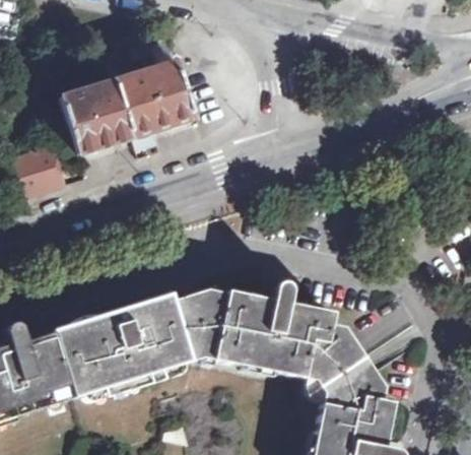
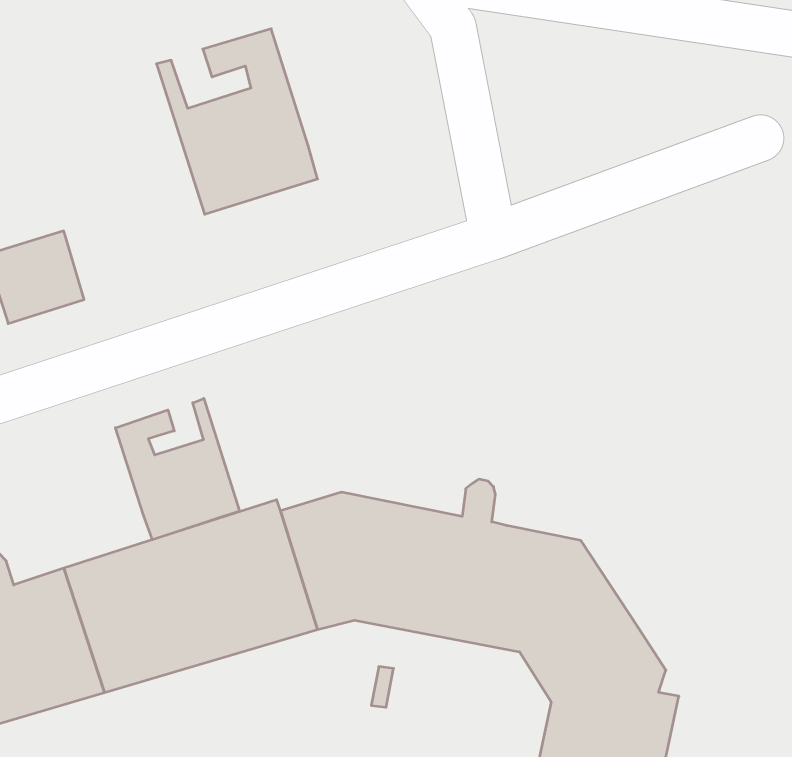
building: [61,54,132,153] -> none
building: none -> [115,398,240,540]

